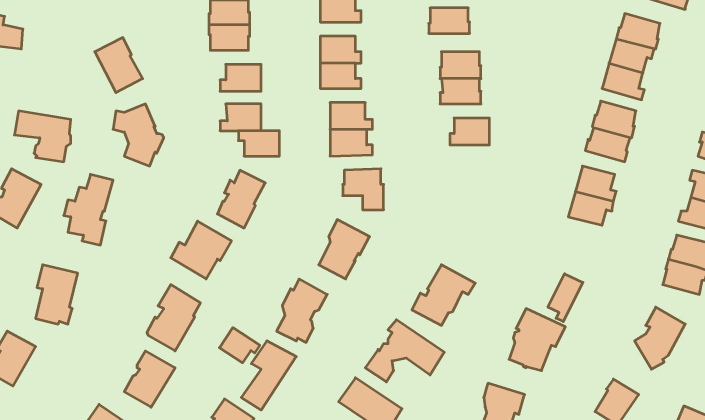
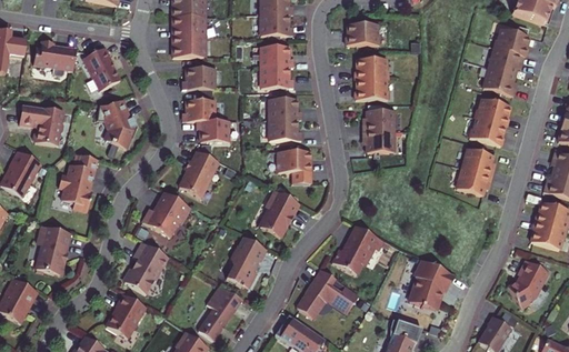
building: none -> [33,40,77,76]
building: none -> [363,131,395,151]
building: [548,274,583,322] -> none
building: [219,328,260,363] -> none

